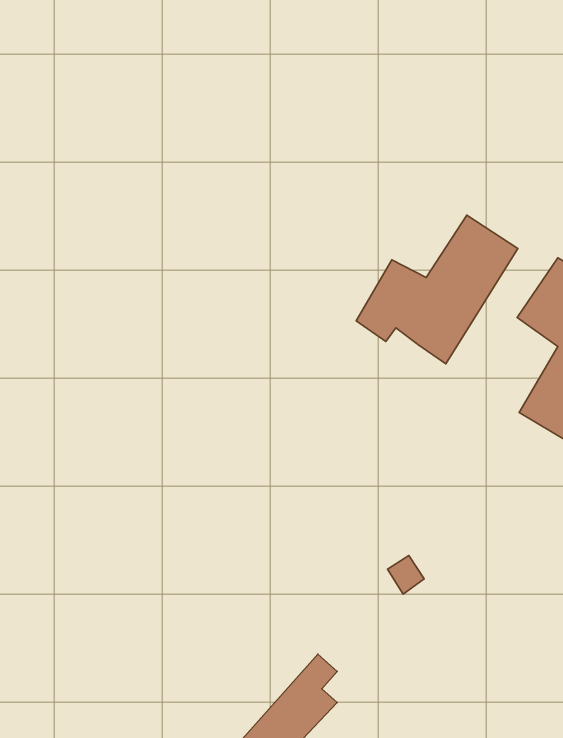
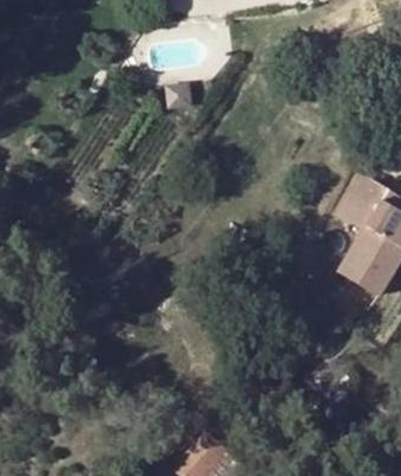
building: [356,215,518,364] -> none

